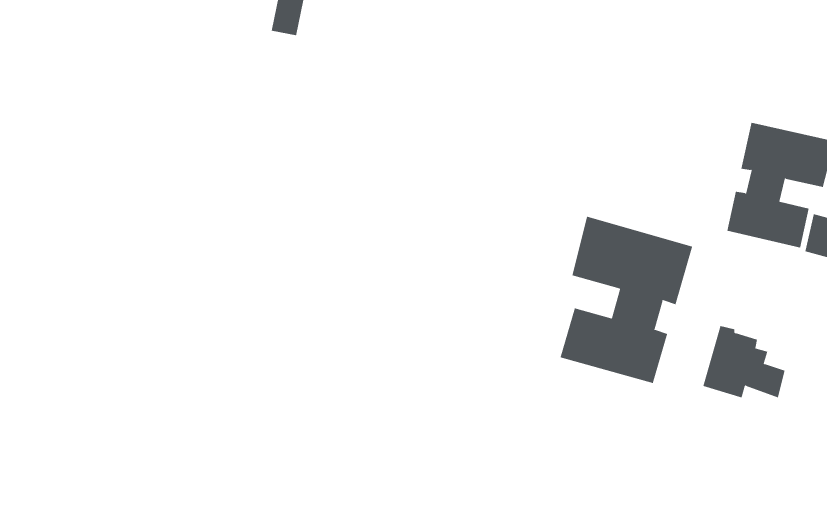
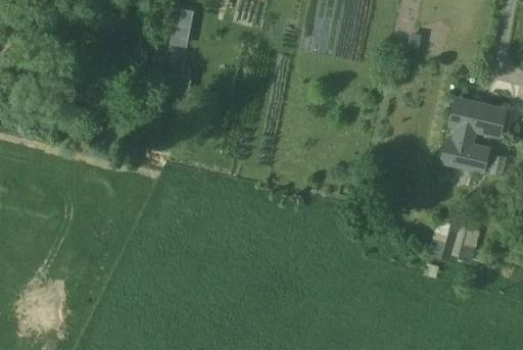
building: [560,216,693,384] -> none

